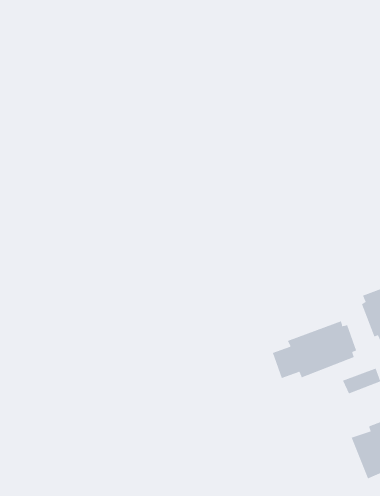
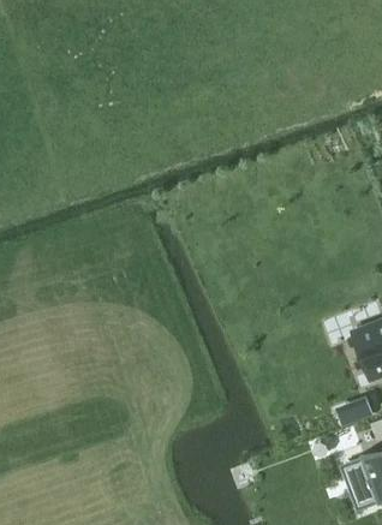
building: [272,320,357,379] -> none

